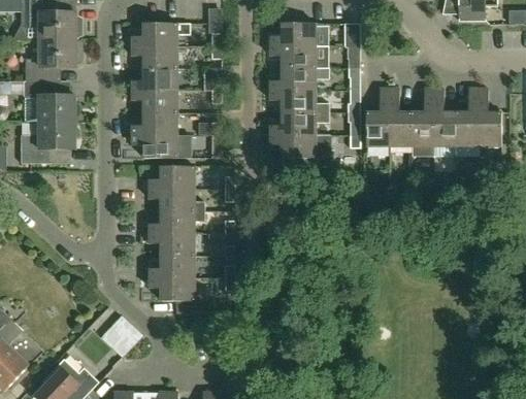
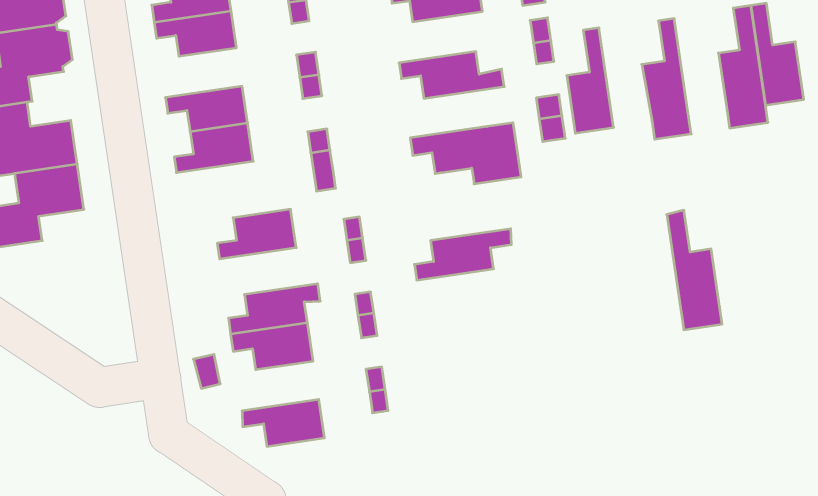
building: [132,67,177,90] -> none
building: [270,67,328,90] -> none
building: [389,87,412,145] -> none
building: [433,87,456,156] -> [667,210,722,330]
building: [270,112,329,134] -> [414,229,511,280]
building: [132,134,191,157] -> none
building: [150,188,204,210] -> none
building: [150,255,195,277] -> none

